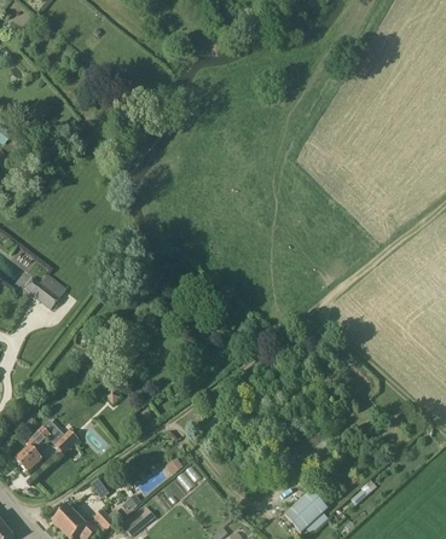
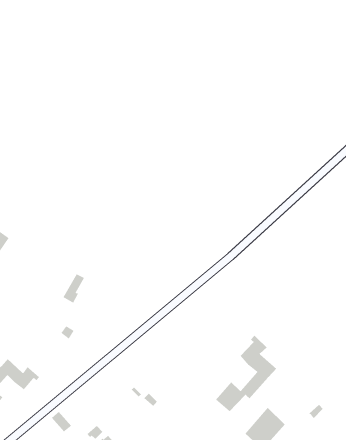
building: none -> [215,335,277,412]

